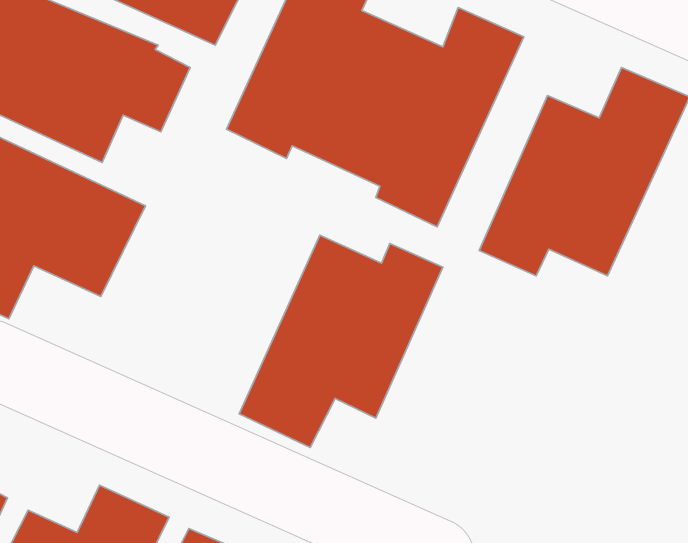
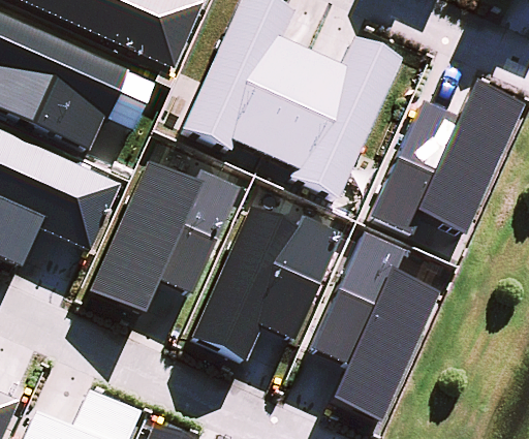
building: none -> [90,159,242,315]
building: none -> [311,229,441,421]

